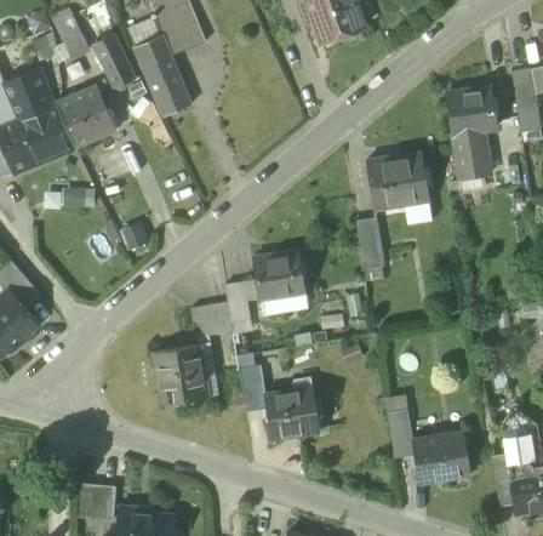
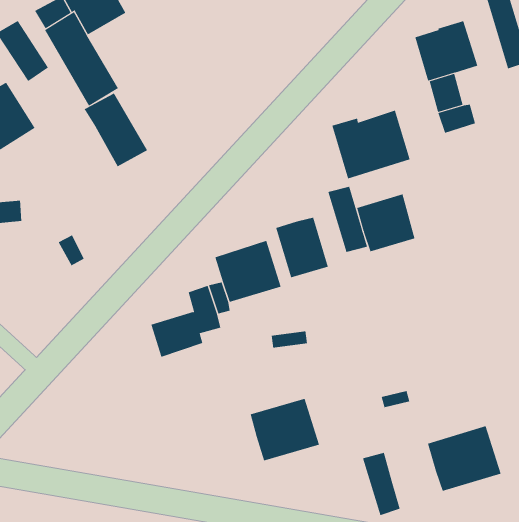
building: none -> [84,92,148,167]
building: none -> [356,193,415,252]
building: none -> [276,217,329,278]
building: [156,344,207,404] -> none
building: [241,374,268,418] -> none
building: [389,415,416,468] -> [362,452,401,516]

